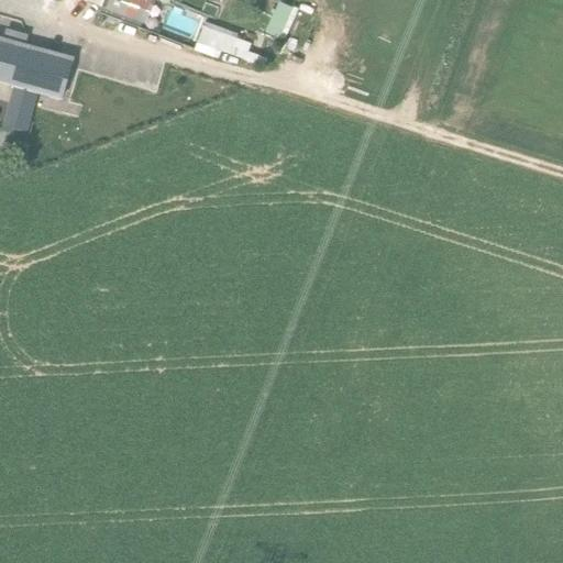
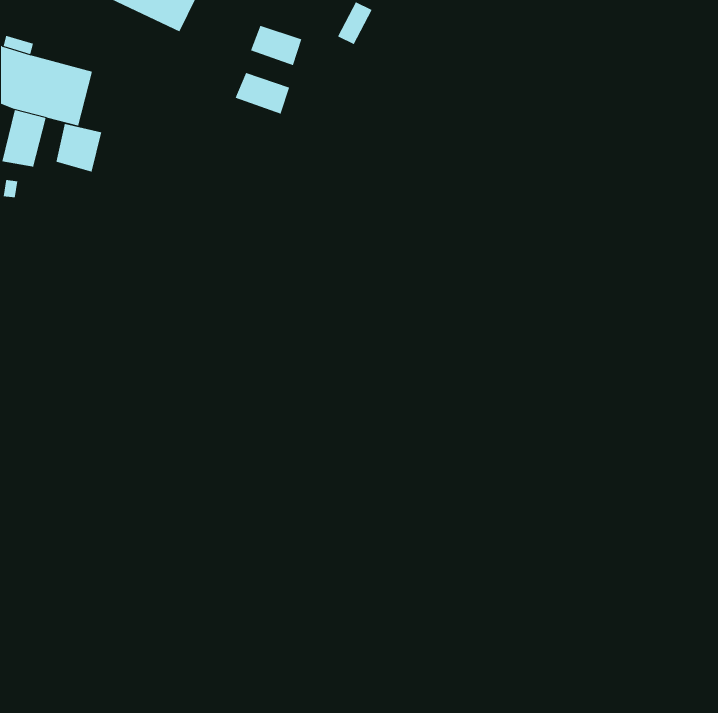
building: none -> [235,72,290,114]
building: none -> [56,123,102,173]

